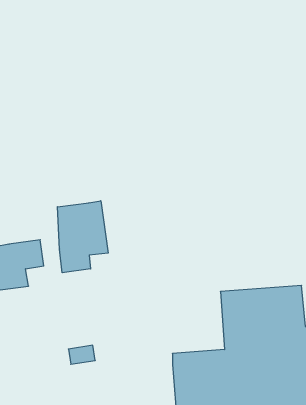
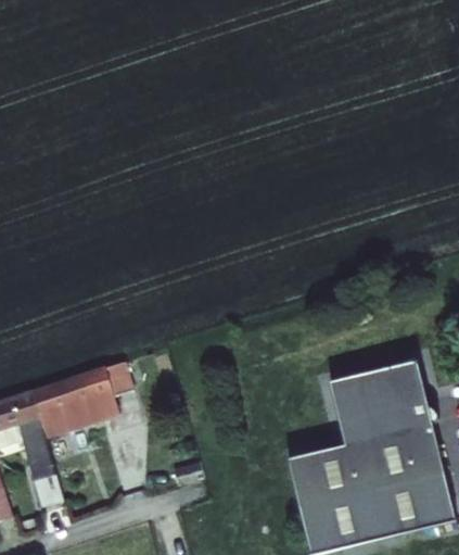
building: [57,201,108,273] -> none

